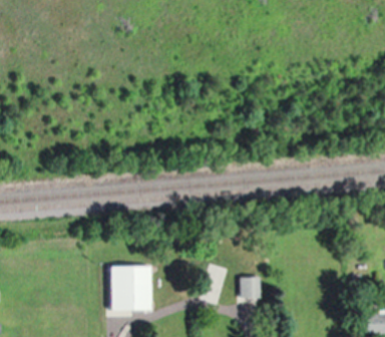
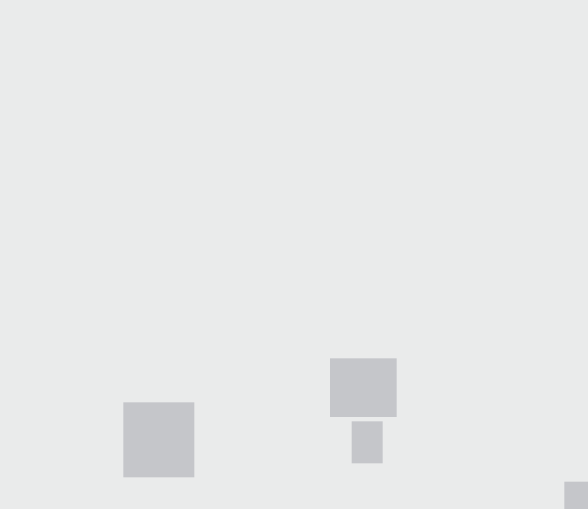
building: none -> [329,358,397,418]

